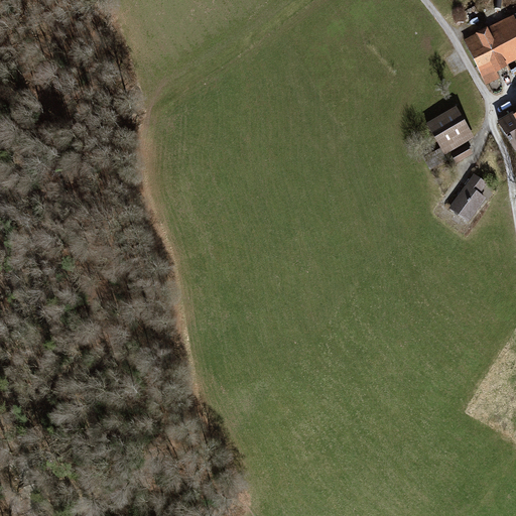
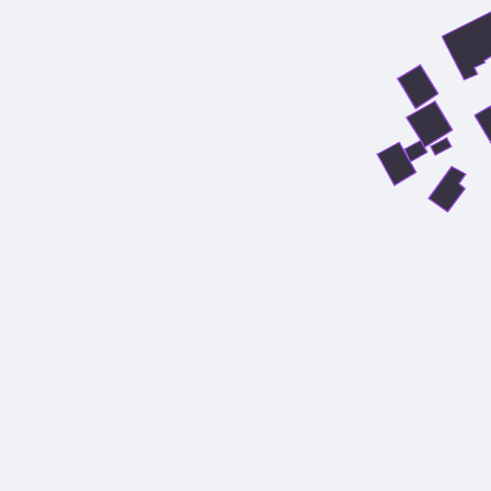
building: none -> [397,65,438,109]
building: none -> [377,142,416,186]

